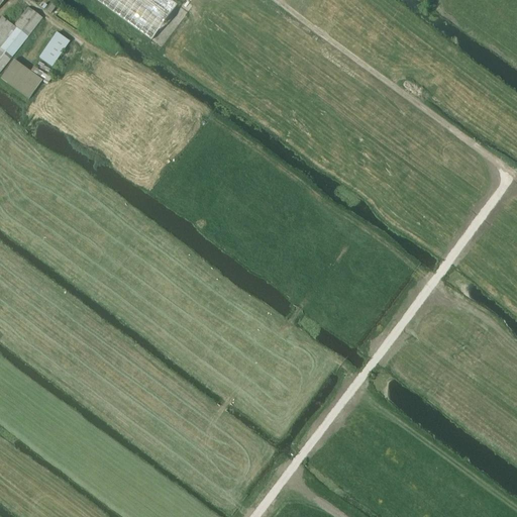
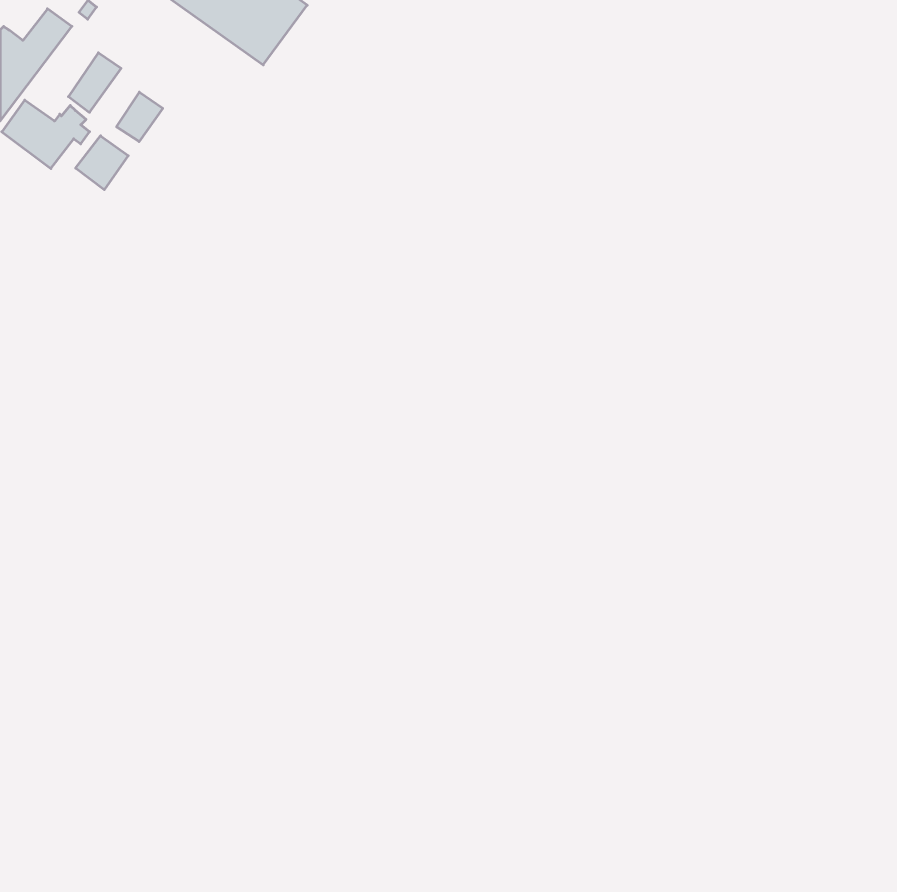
building: none -> [117,92,163,142]
building: none -> [76,136,128,190]

